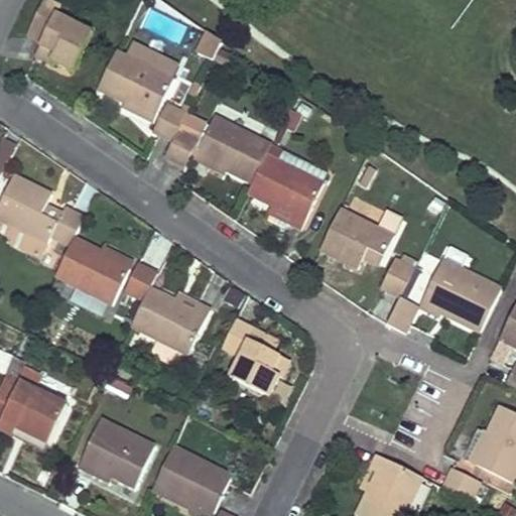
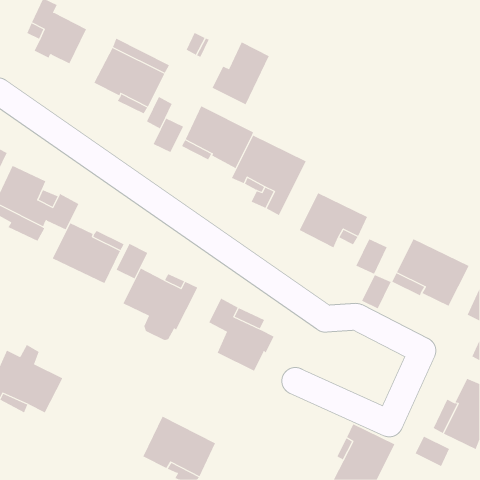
building: none -> [212,41,270,105]
building: [79,417,157,486] -> none

